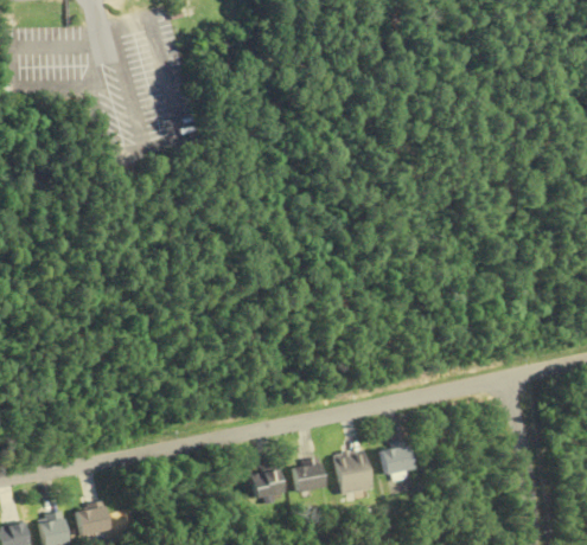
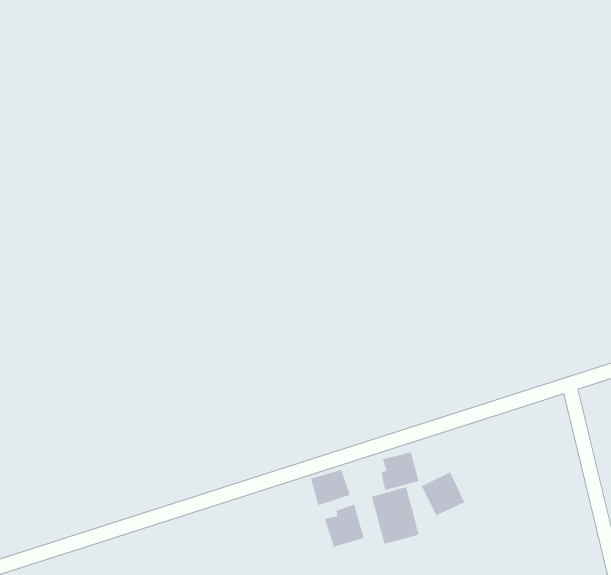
building: none -> [381,452,419,491]
building: [253,470,285,499] -> [310,469,350,506]

